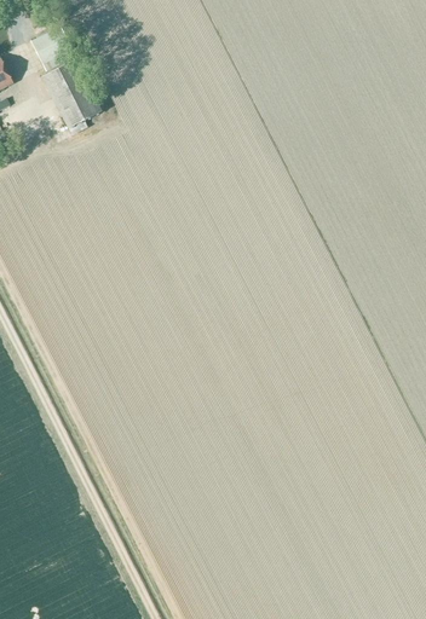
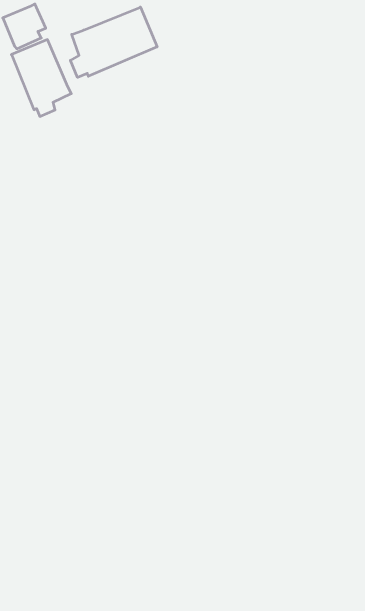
building: none -> [70,7,157,77]

